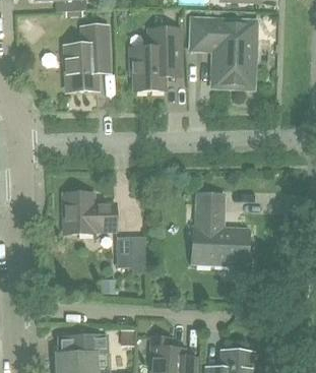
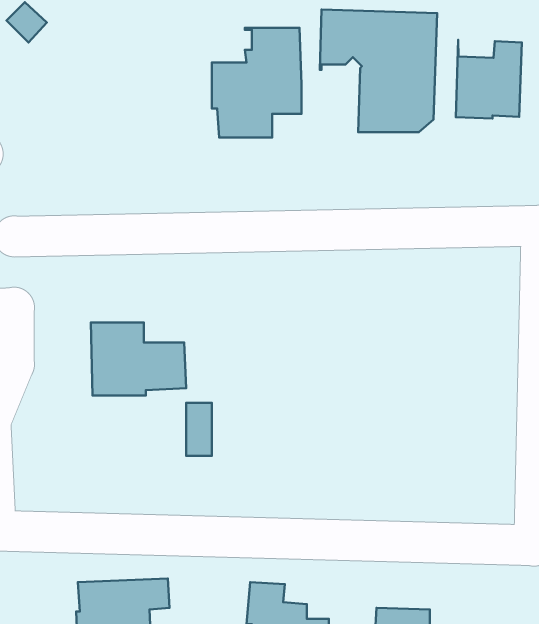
building: [65,25,109,90] -> none
building: none -> [456,40,522,119]
building: [192,193,249,264] -> none

